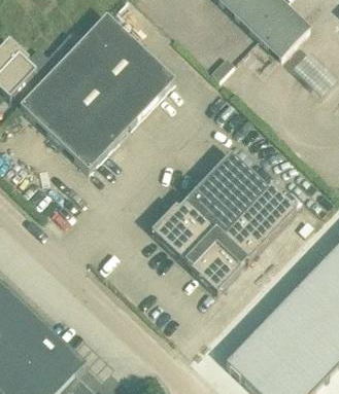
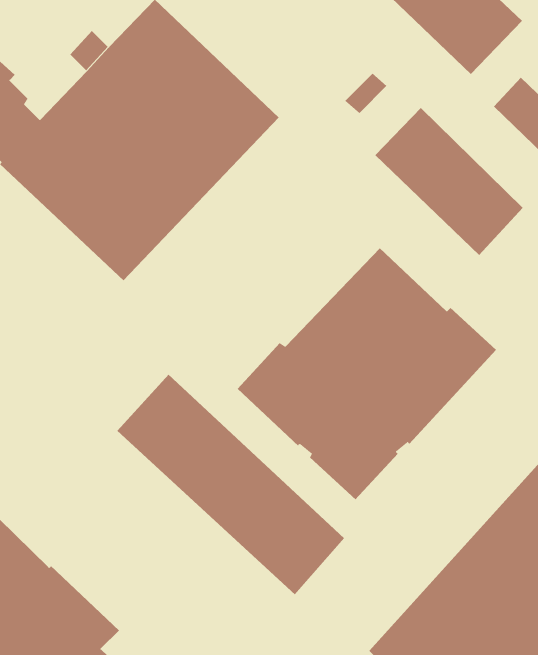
building: none -> [375,107,524,256]
building: none -> [117,374,345,595]

